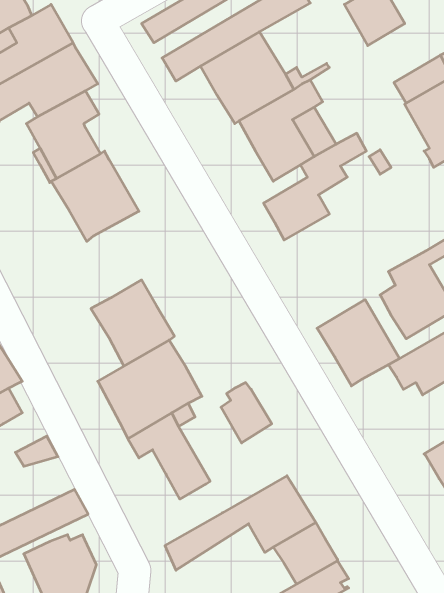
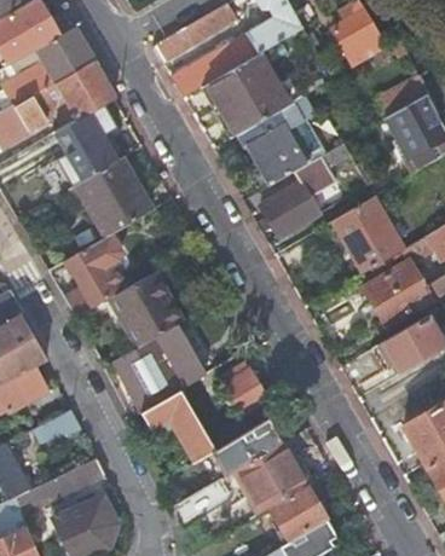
building: none -> [63,233,127,318]
building: [317,300,399,386] -> [331,195,404,271]
building: none -> [210,418,282,477]

